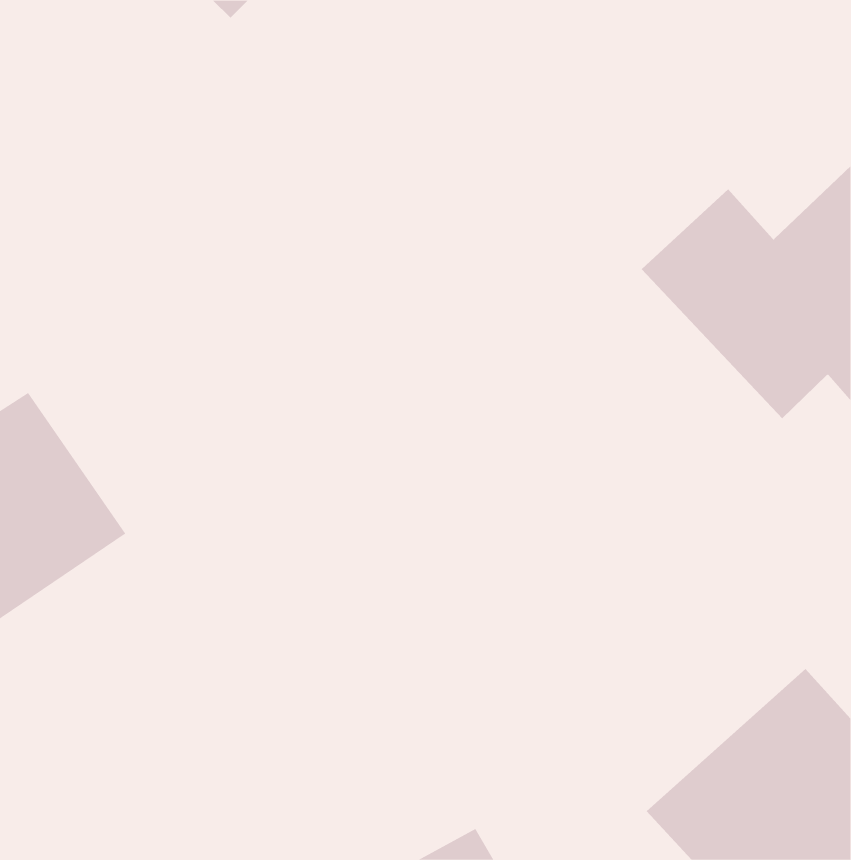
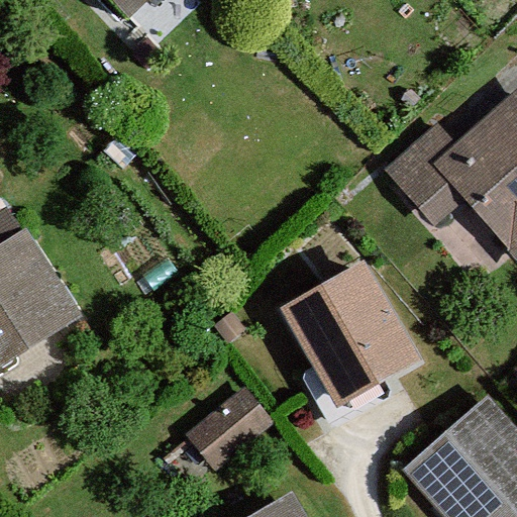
building: none -> [293,256,431,406]
building: none -> [186,381,275,467]

